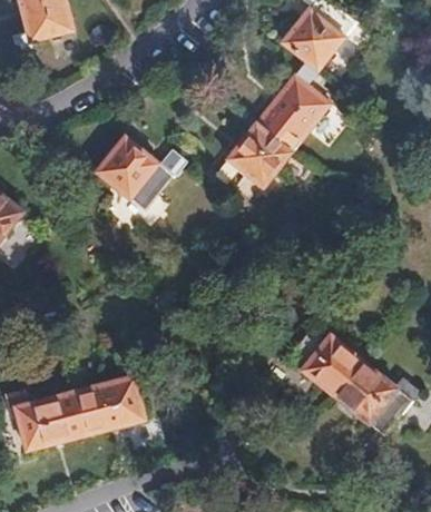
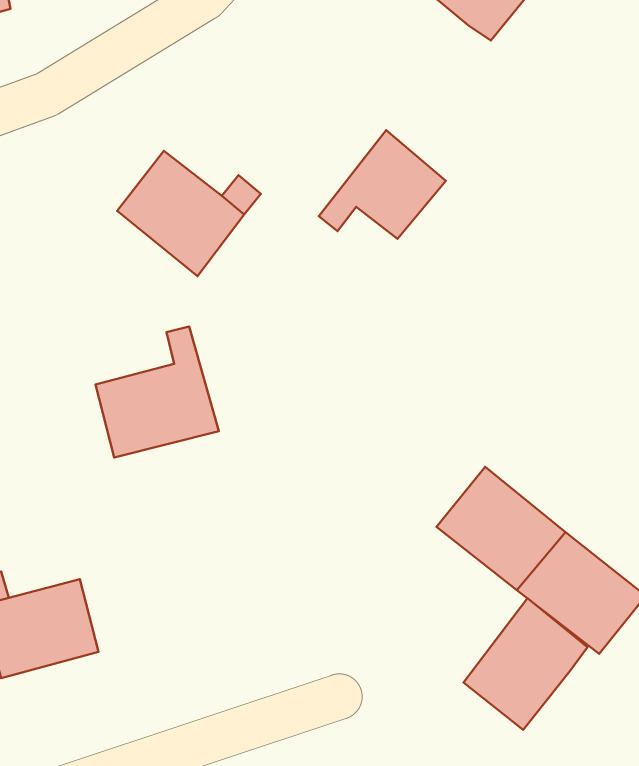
building: [256,61,331,154] -> none
building: [74,356,147,434] -> [96,327,219,457]
building: none -> [463,598,587,730]

